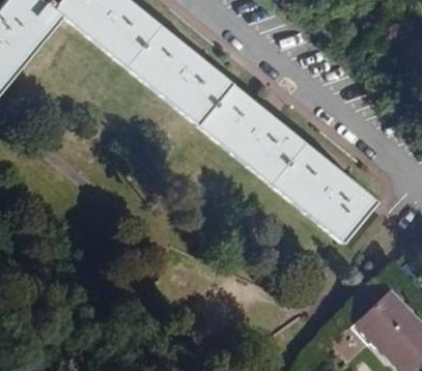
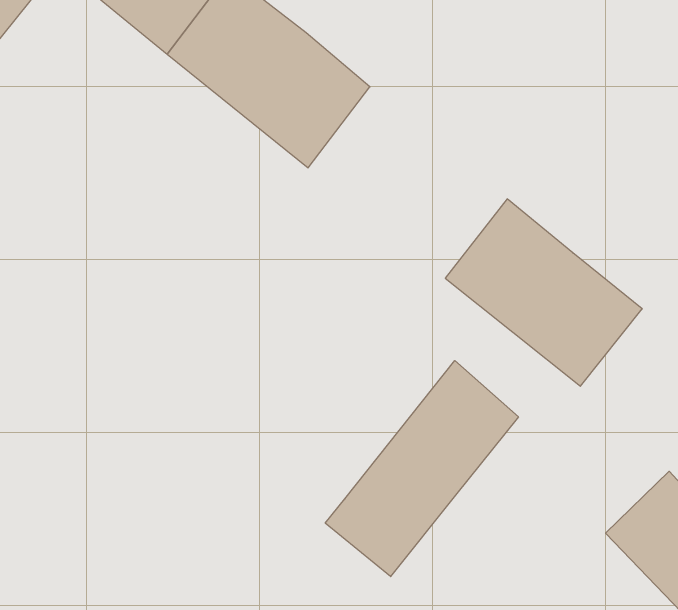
building: [196,81,303,183] -> none
building: none -> [325,361,518,577]

